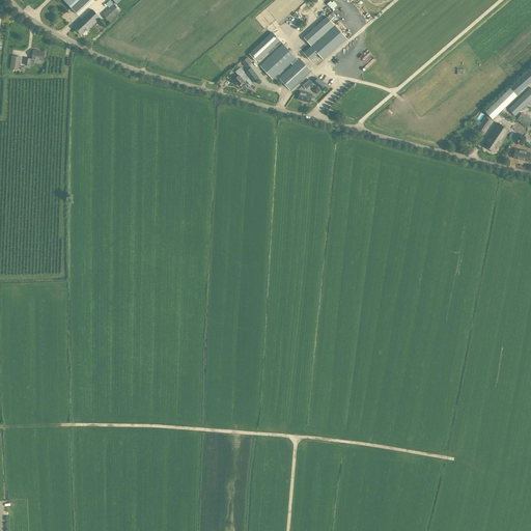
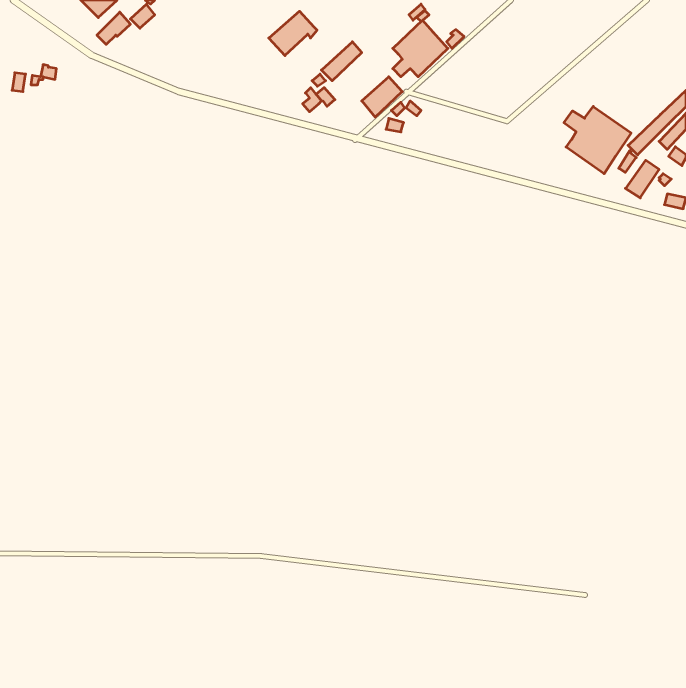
building: [259,45,297,79] -> [269,11,317,56]
building: none -> [564,106,631,174]

